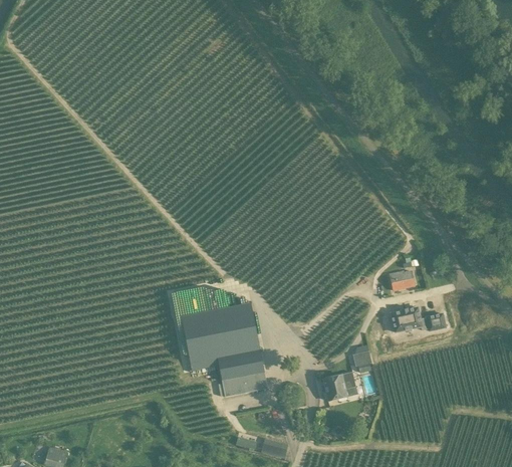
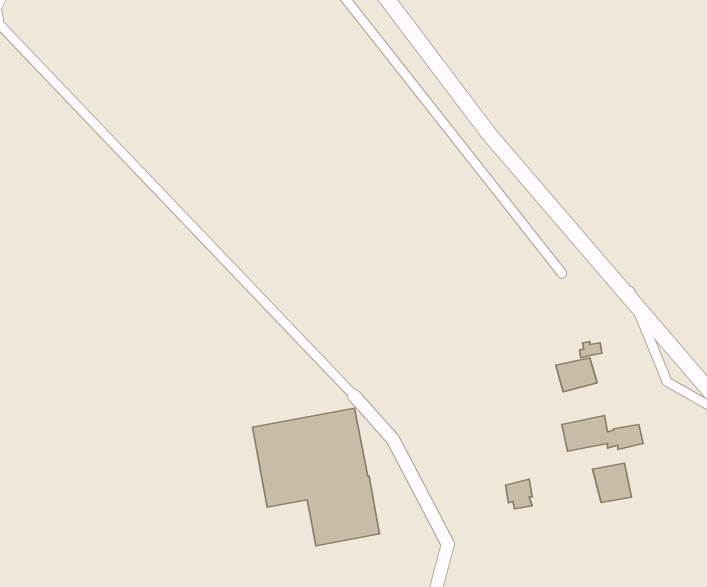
building: none -> [592,463,632,503]
building: [322,372,355,400] -> none

